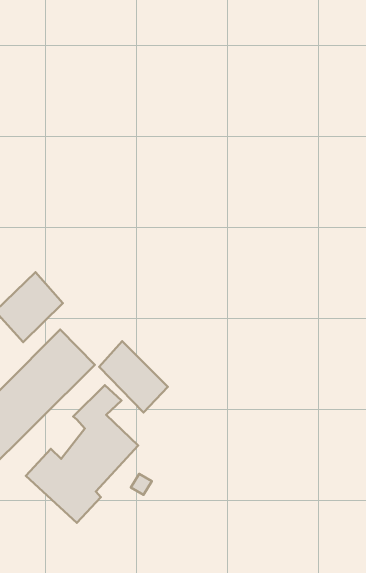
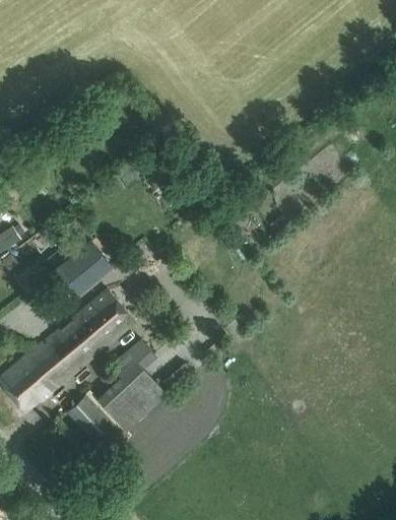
building: [99,341,168,412] -> none

